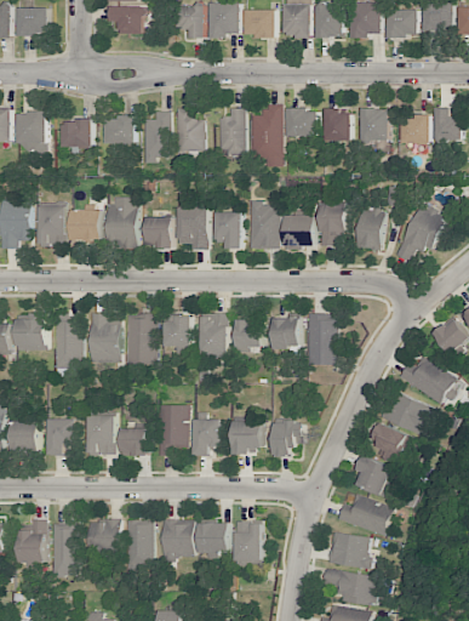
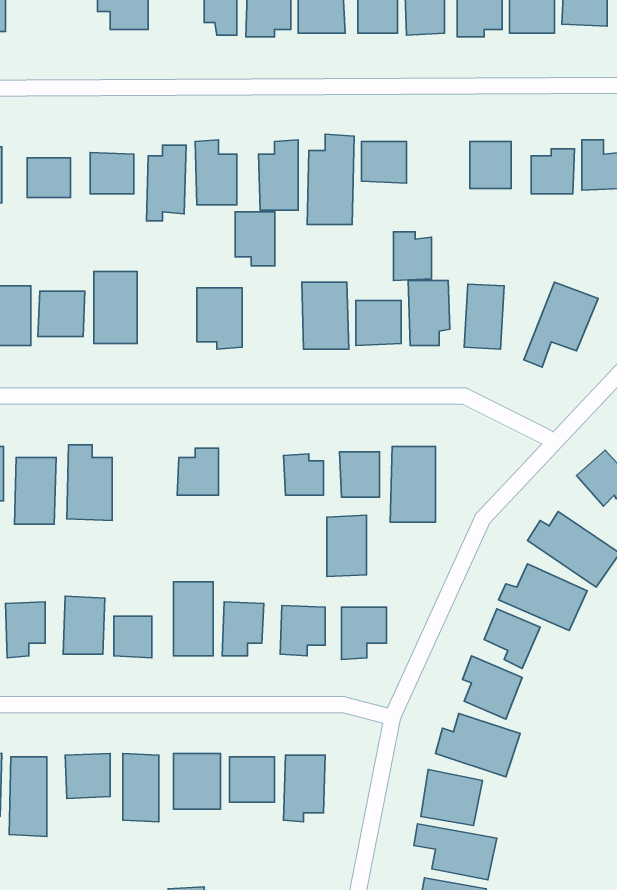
building: [325,109,350,142] -> [393,232,431,281]
building: [213,212,240,249] -> [235,212,275,266]
building: [144,217,171,249] -> none
building: [124,314,156,365] -> none
building: [200,314,227,355] -> [327,515,367,577]

